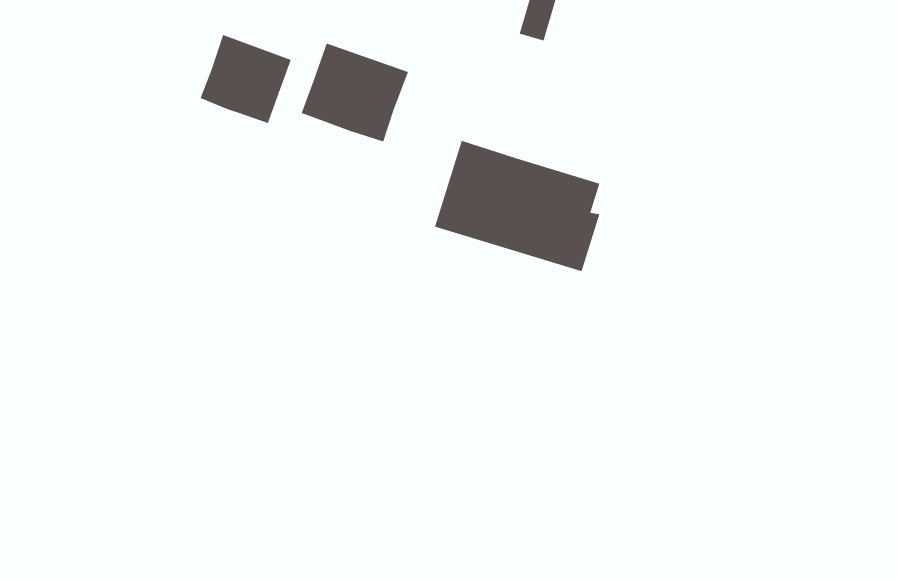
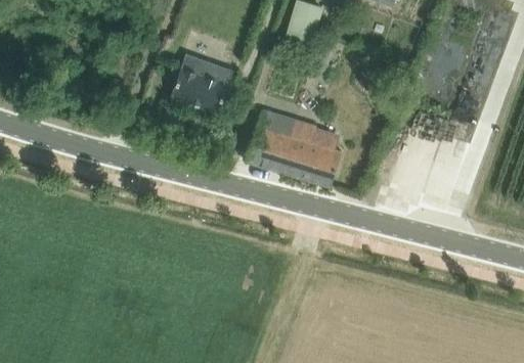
building: [200,34,291,124] -> none

